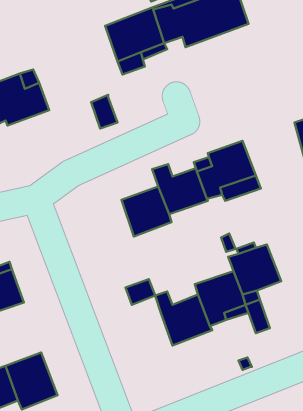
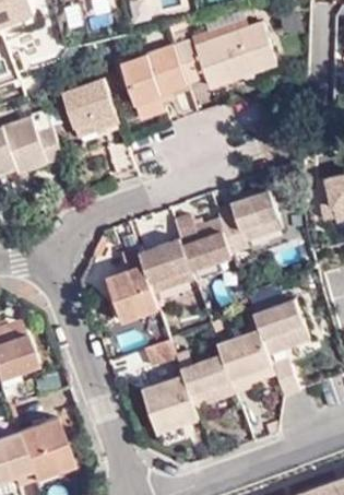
building: none -> [61,79,118,139]
building: none -> [106,249,157,321]
building: none -> [142,376,198,434]

